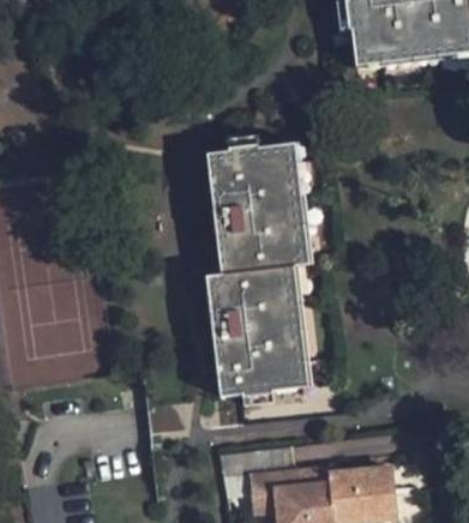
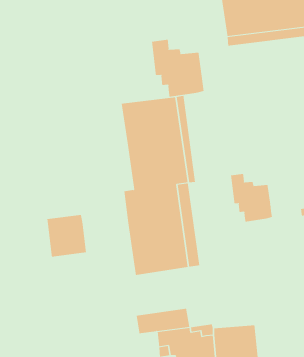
building: none -> [152,39,204,97]
building: none -> [230,173,273,222]
building: none -> [47,214,86,258]

